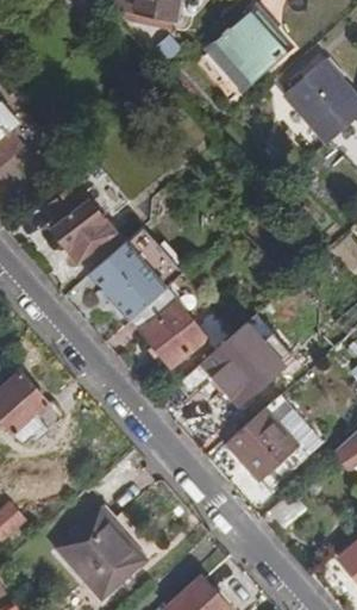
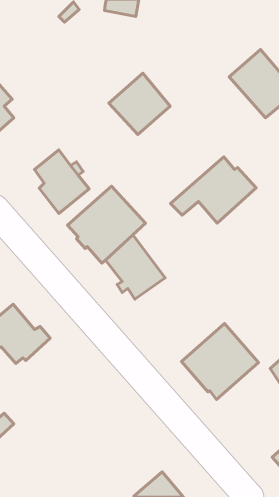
building: [207,12,282,87] -> [109,73,170,134]
building: [176,325,281,406] -> [170,157,256,223]
building: [56,508,155,599] -> none

